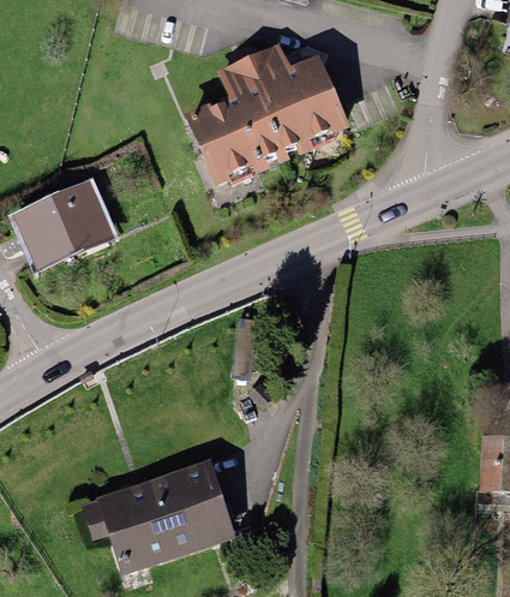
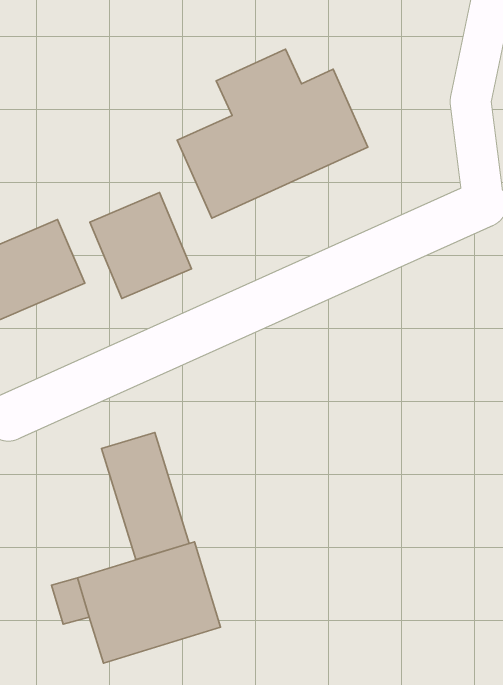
building: none -> [90,193,192,299]
building: none -> [102,433,189,560]

